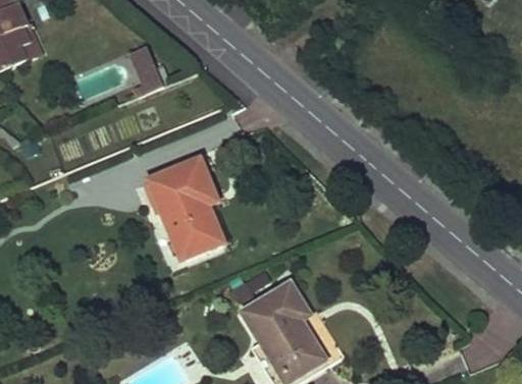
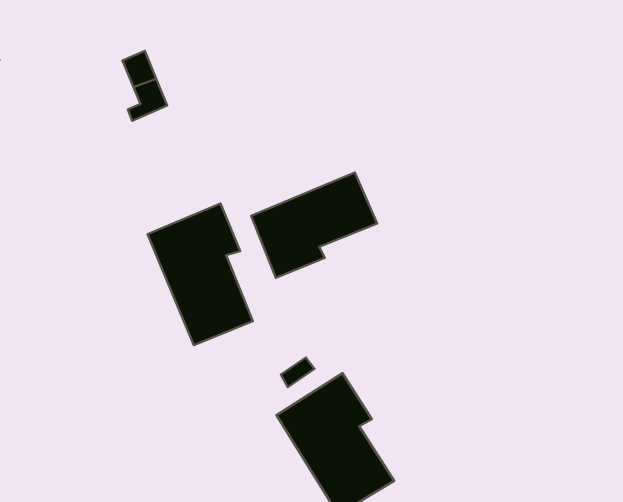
building: none -> [251,173,377,278]

